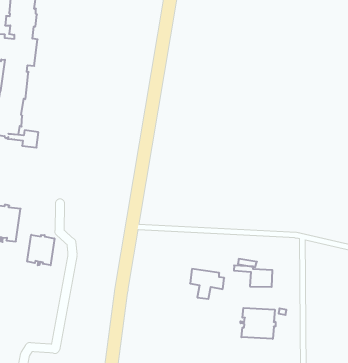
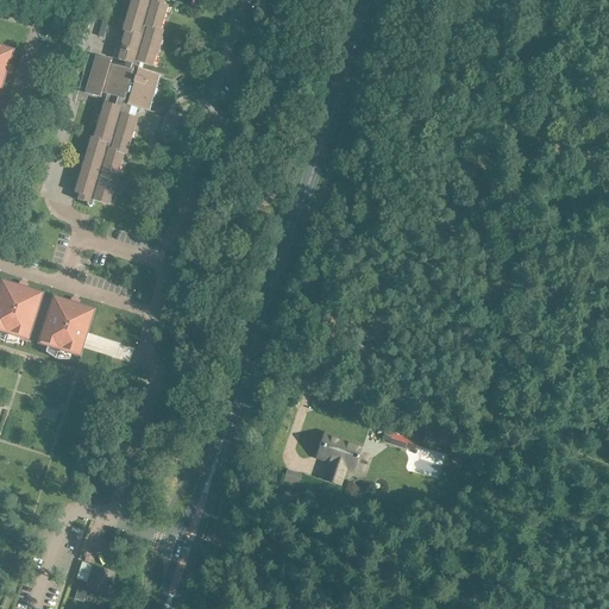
building: [27,235,54,265] -> none
building: [240,308,276,339] -> none

